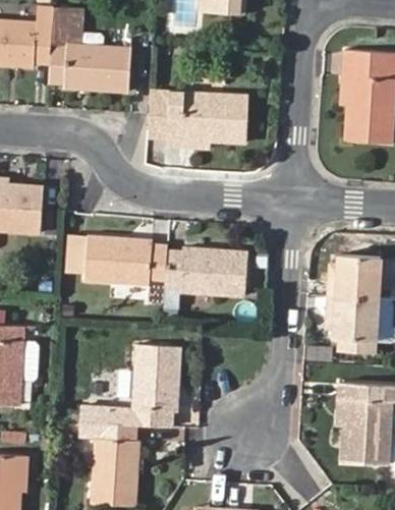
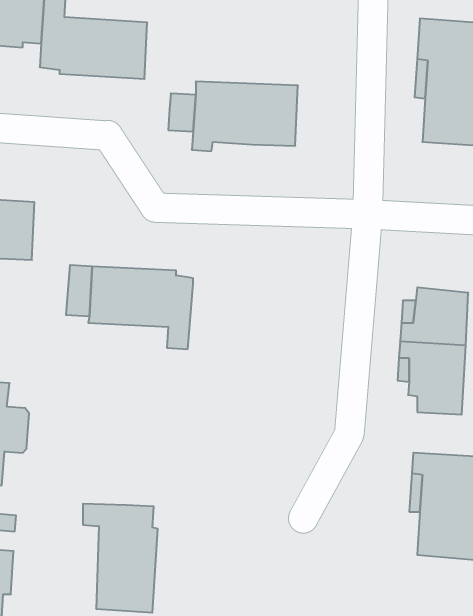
building: [163,247,248,307] -> none
building: [115,345,180,426] -> none

